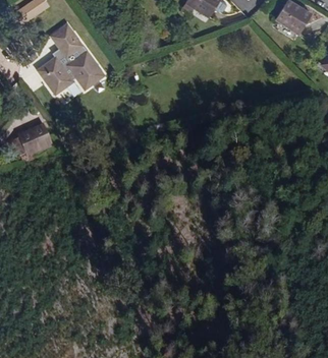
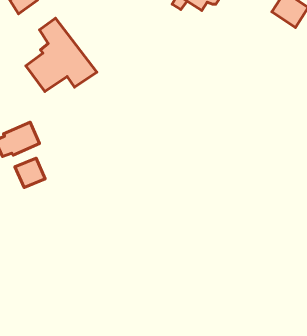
building: none -> [15,158,45,188]

